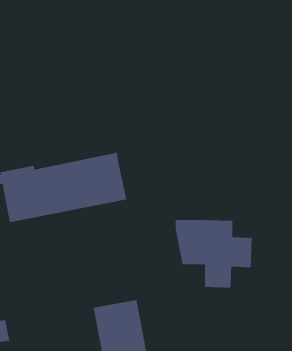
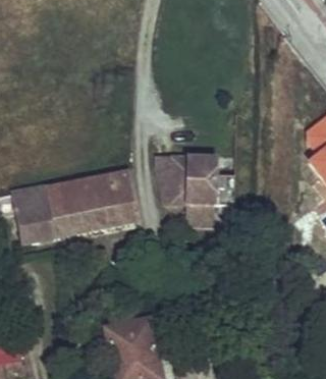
building: [175,220,252,288] -> [156,155,234,224]

